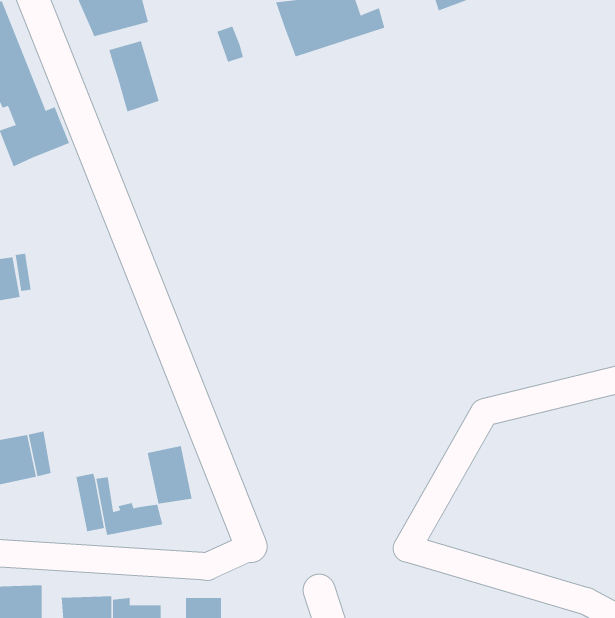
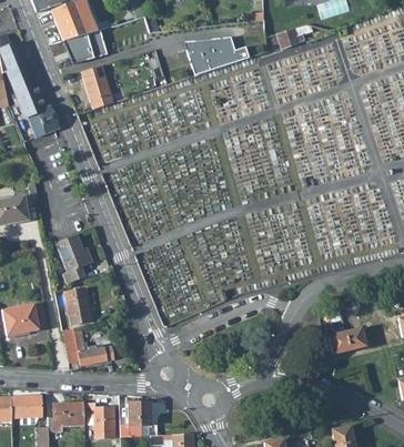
building: none -> [55,234,93,284]
building: [147,446,193,504] -> [64,288,92,324]
building: none -> [329,327,366,354]

